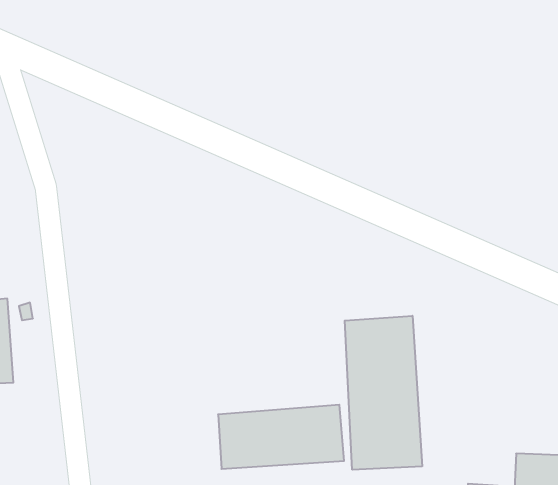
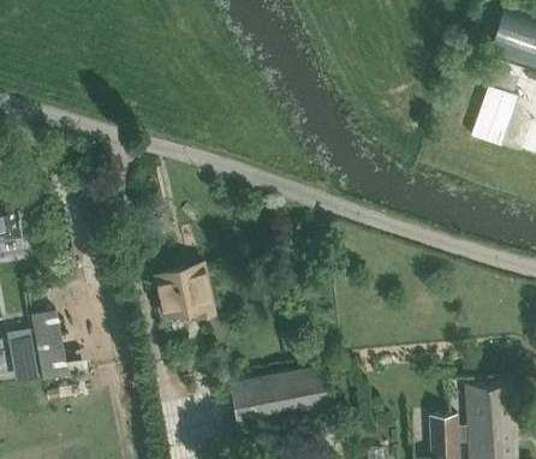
building: none -> [153,264,212,323]
building: [345,316,422,470] -> none

